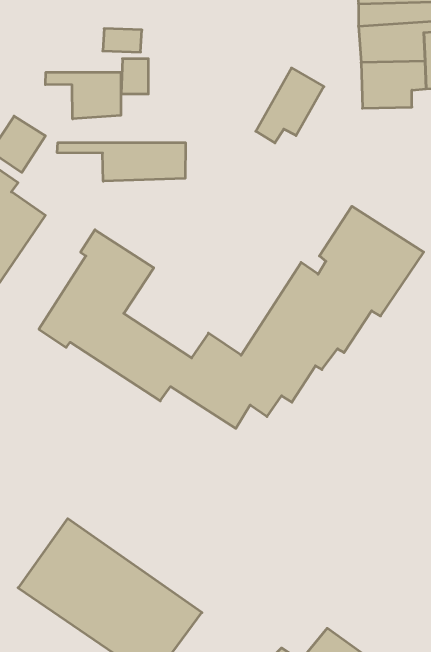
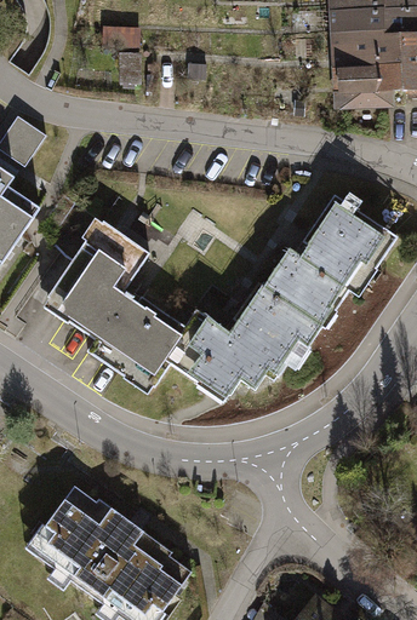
building: [256,68,324,143] -> none
building: [45,72,121,119] -> none
building: [57,143,185,181] -> none

